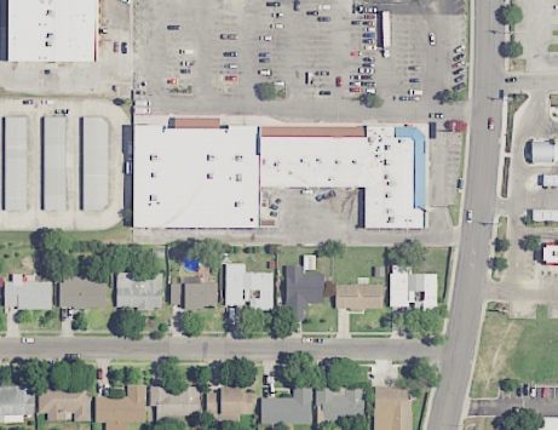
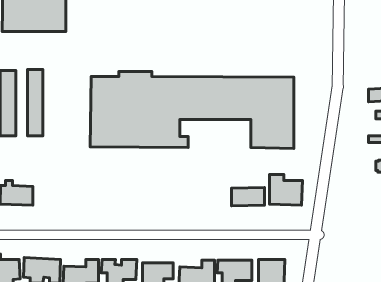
building: [82,116,109,210] -> none
building: [225,264,272,310] -> none
building: [286,265,324,320] -> none
building: [116,273,162,309] -> none
building: [59,274,107,309] -> none
building: [169,282,217,306] -> none

